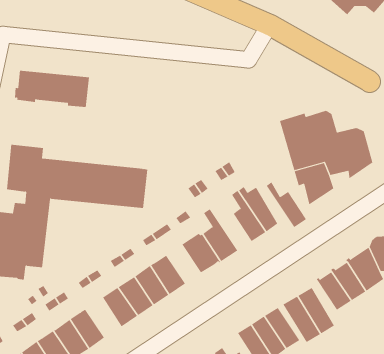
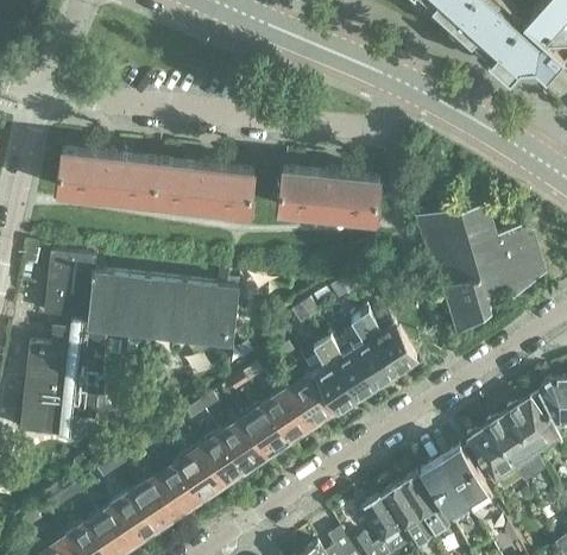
building: none -> [152,163,252,215]
building: none -> [276,170,378,222]
building: [266,182,307,228] -> [321,336,377,399]
building: none -> [262,391,308,444]
building: none -> [151,463,200,518]

